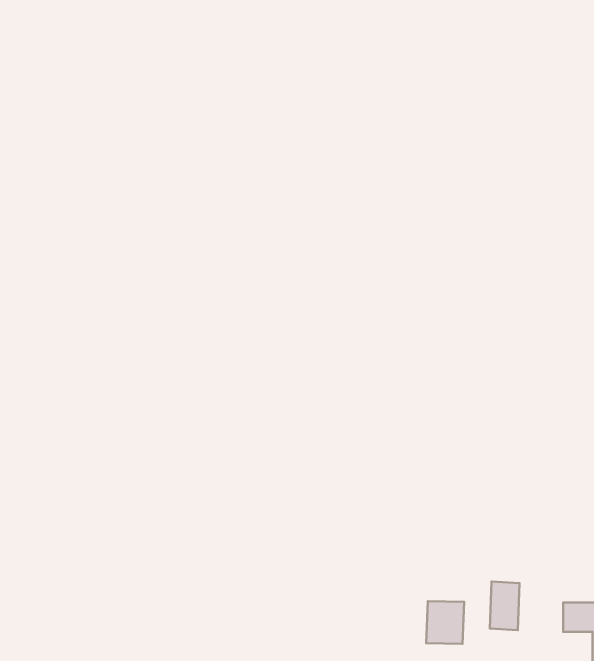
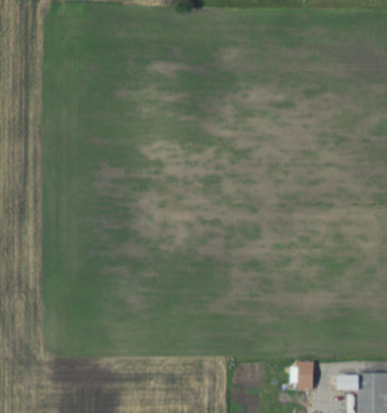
building: [426,601,464,644] -> none

